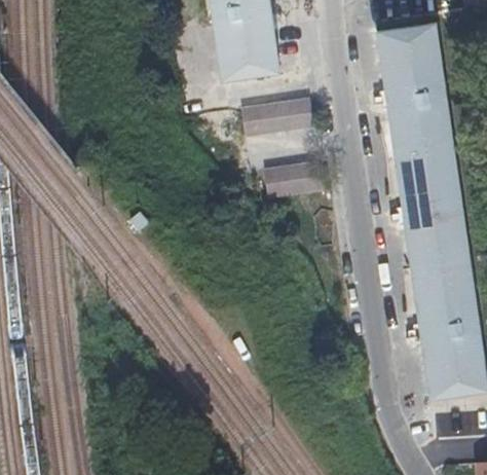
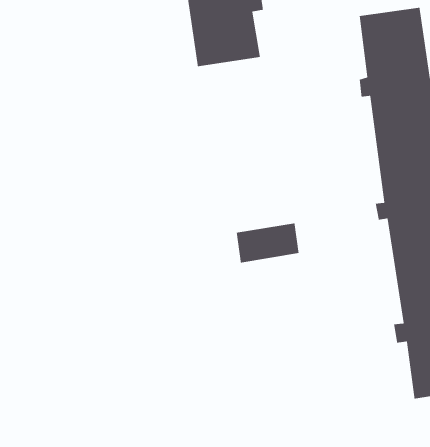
building: [240,97,314,137] -> none
building: [264,160,325,199] -> [236,222,299,263]

